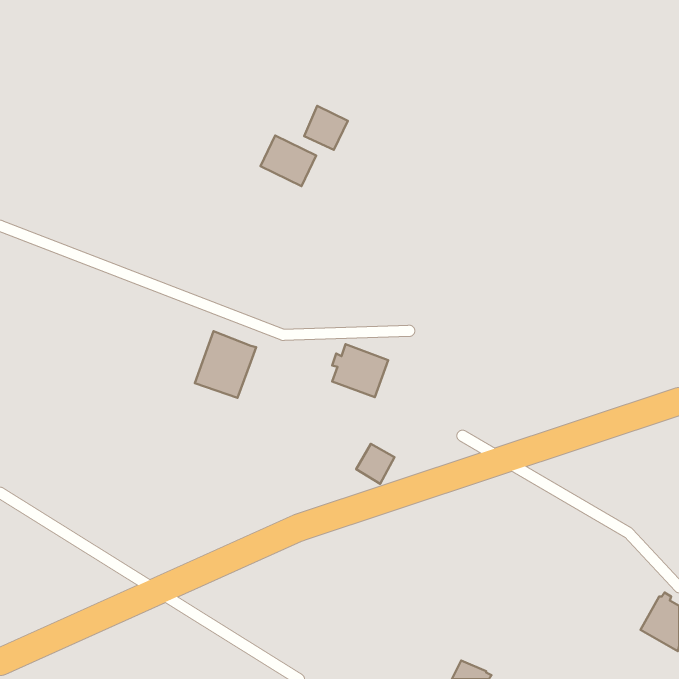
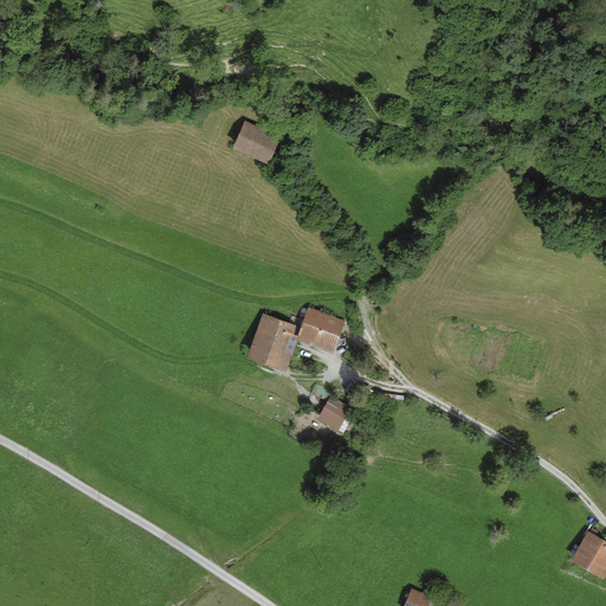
building: [304,106,348,150] -> none
building: [195,331,256,398] -> [246,312,301,372]

